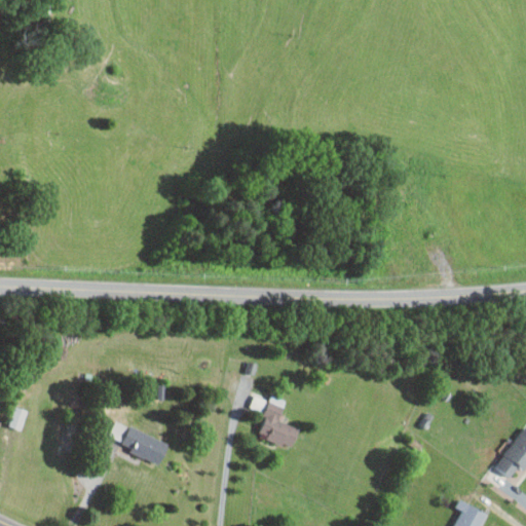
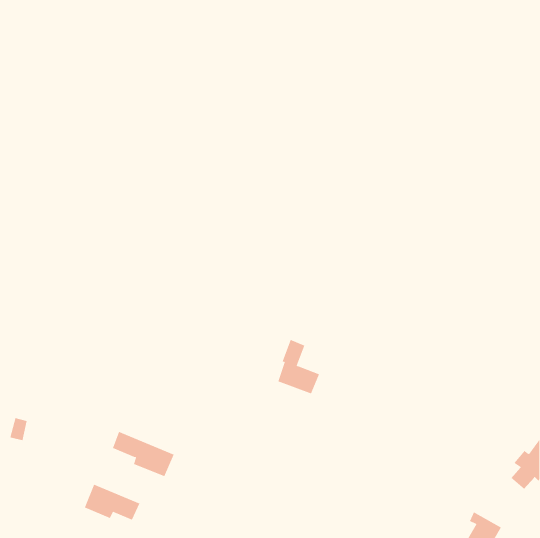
building: [259,396,300,449] -> [278,339,320,394]
building: none -> [84,484,140,521]

